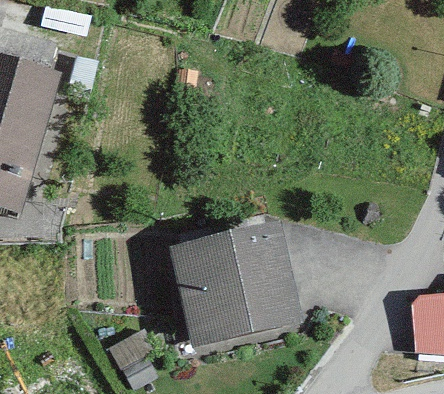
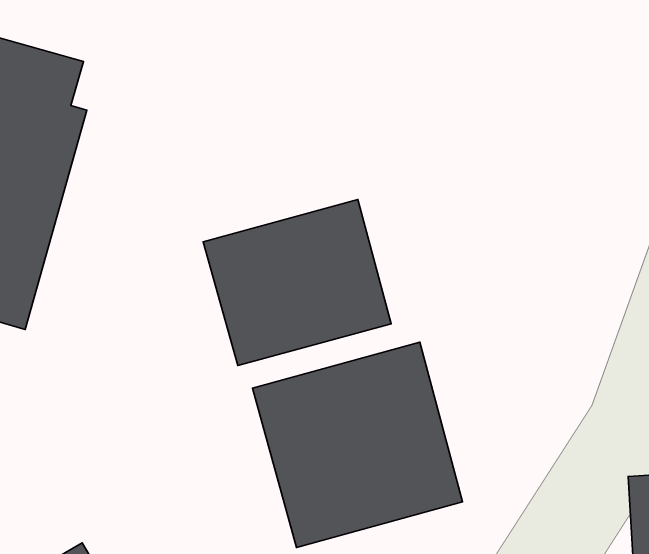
building: none -> [203,199,391,365]

